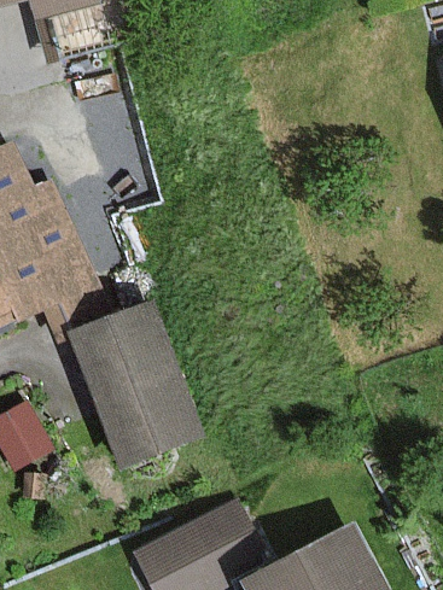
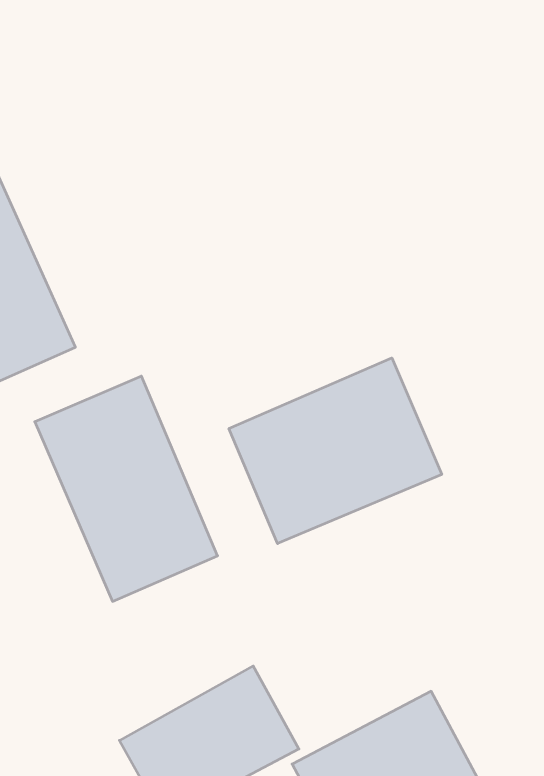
building: none -> [229,358,442,544]

